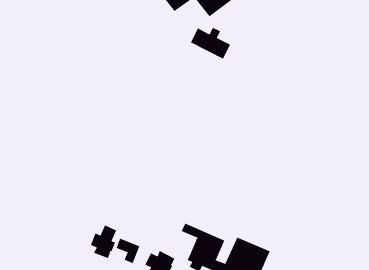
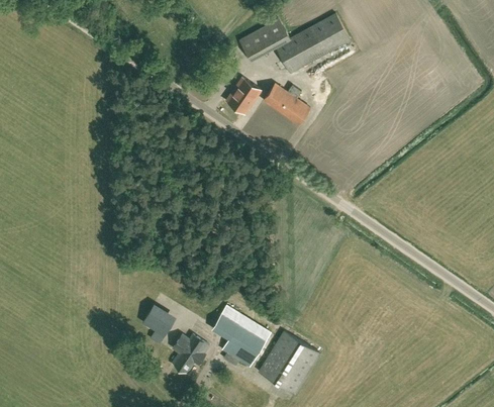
building: none -> [226,78,260,112]
building: [90,224,117,259] -> none

